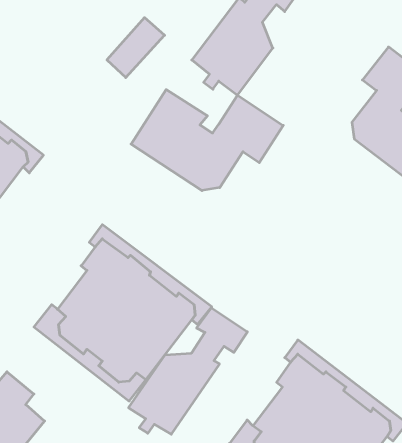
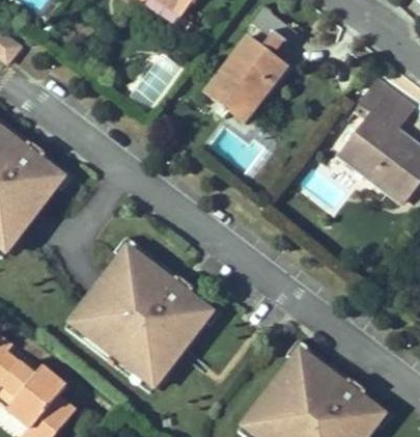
building: [131,90,283,191] -> none
building: [129,308,247,434] -> none

